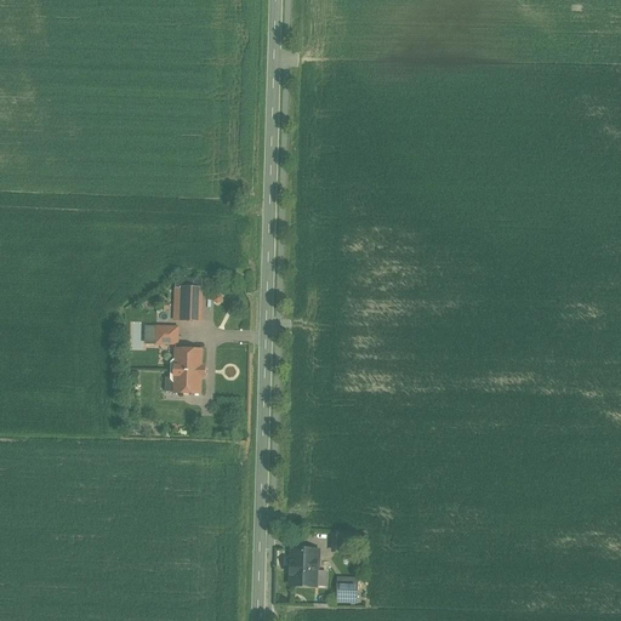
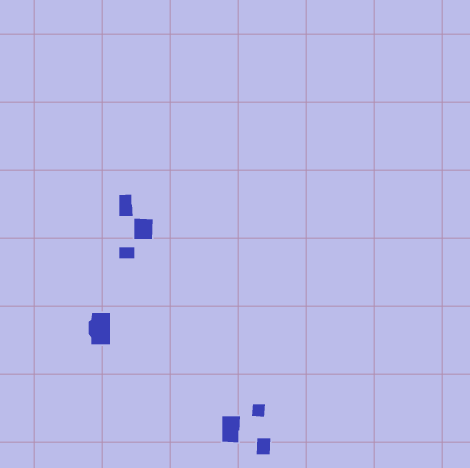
building: none -> [118,194,133,217]
building: [171,348,201,392] -> [88,312,111,345]

